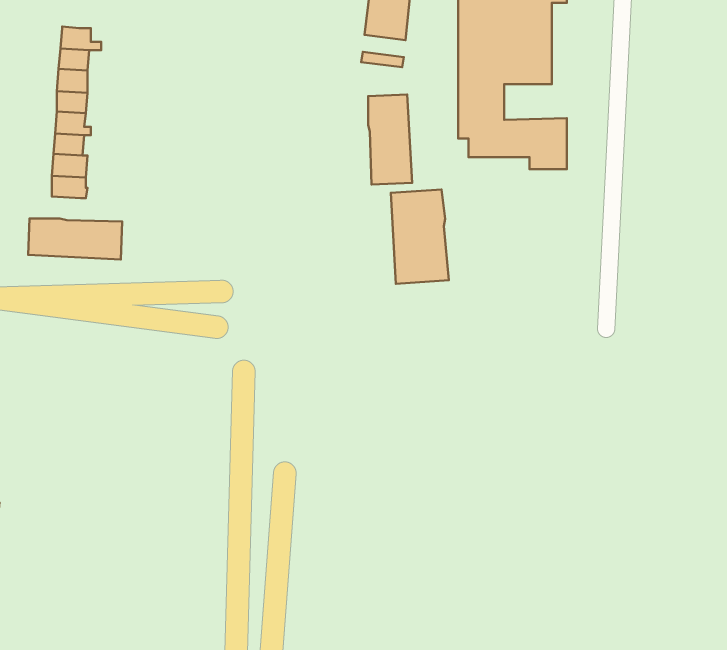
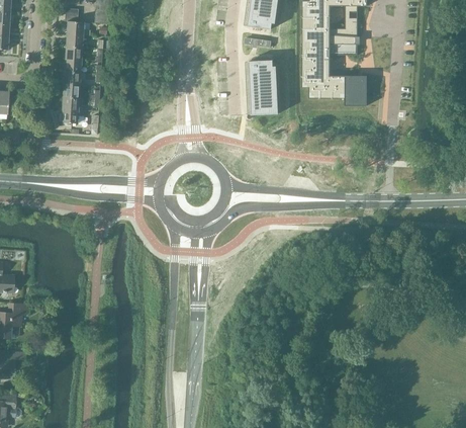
building: [391,189,449,284] -> none
building: [28,218,122,260] -> none

